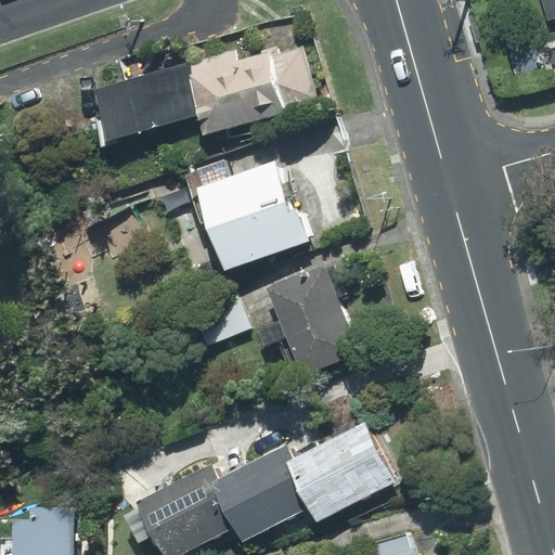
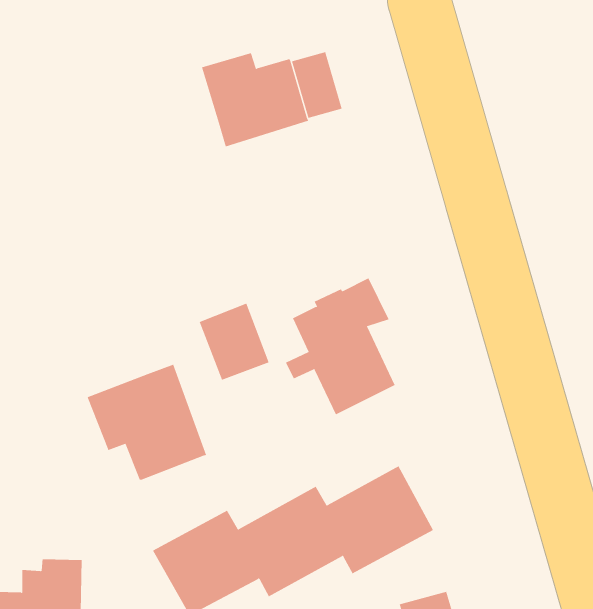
building: [93,63,197,140] -> none
building: [180,158,304,270] -> none
building: none -> [87,364,207,481]

